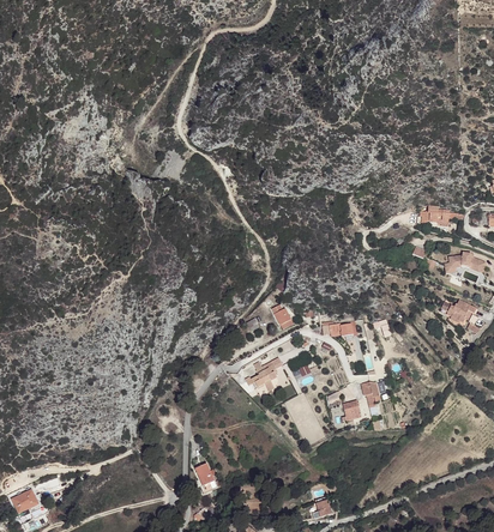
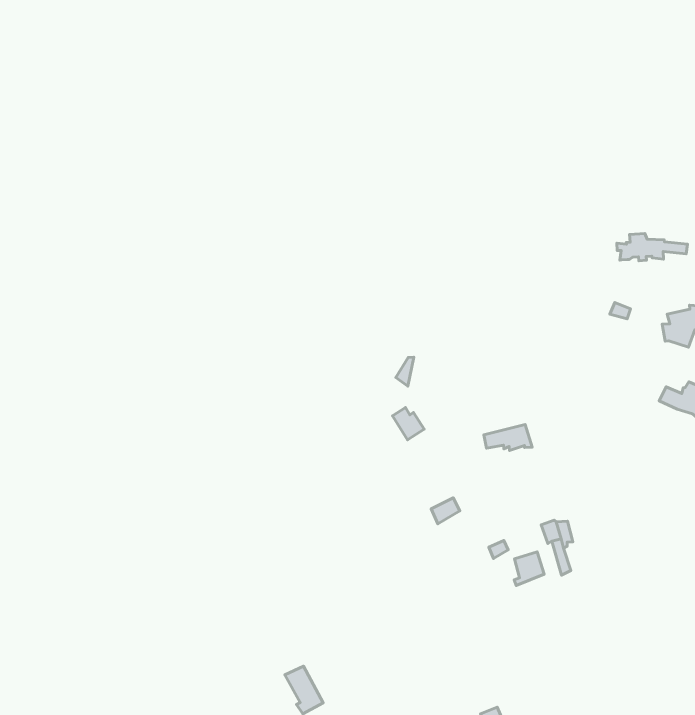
building: [245,357,283,388] -> none

